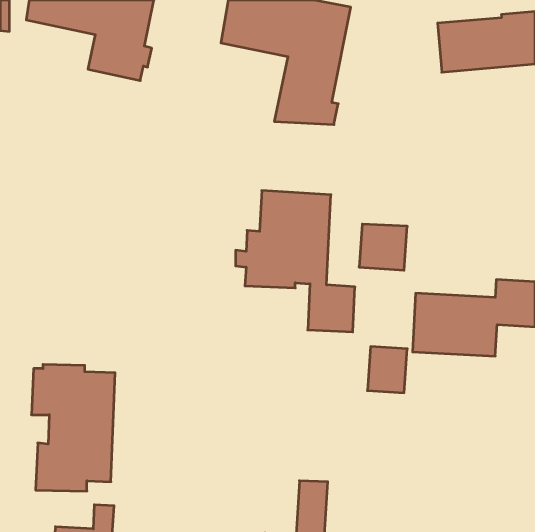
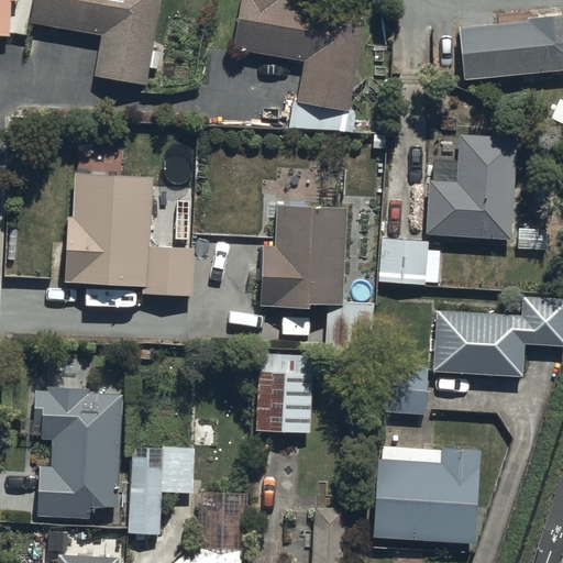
building: none -> [423,134,516,239]
building: none -> [63,173,194,297]
building: none -> [257,358,310,432]
building: none -> [128,444,195,538]
building: none -> [373,444,479,544]

